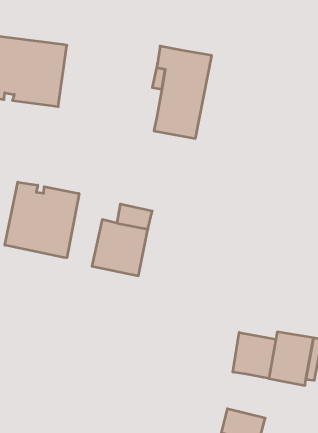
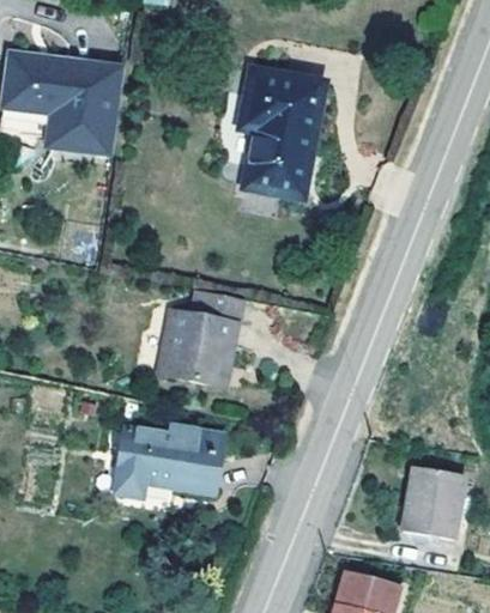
building: [5,182,79,258] -> none
building: none -> [115,424,219,494]
building: [233,332,276,378] -> none

